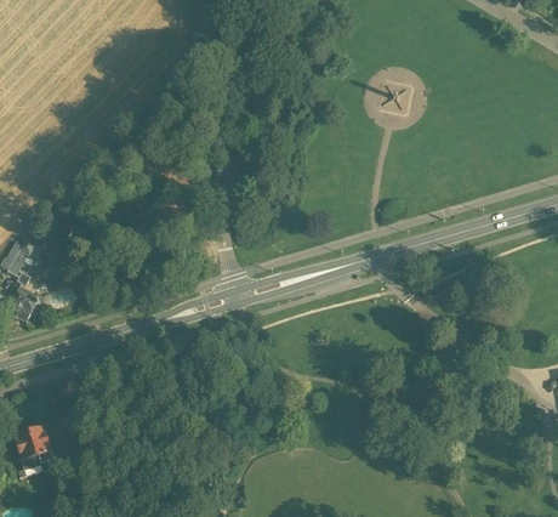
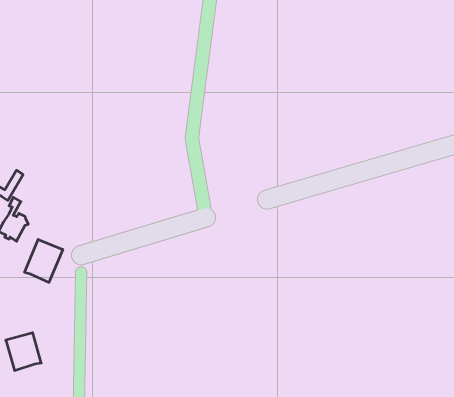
building: none -> [25,239,63,282]

